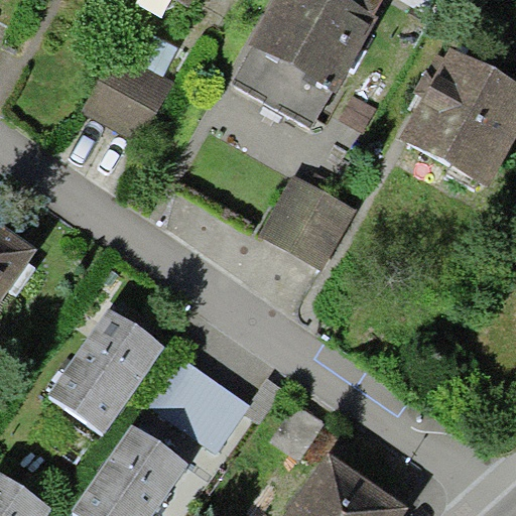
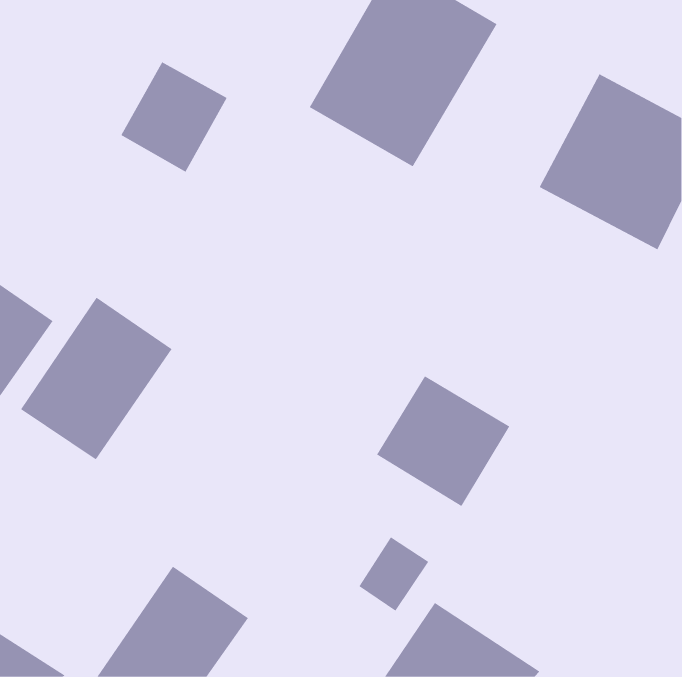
building: [256,172,357,271] -> [376,376,510,507]
building: [49,311,164,434] -> [20,297,173,460]
building: [149,360,245,447] -> none

